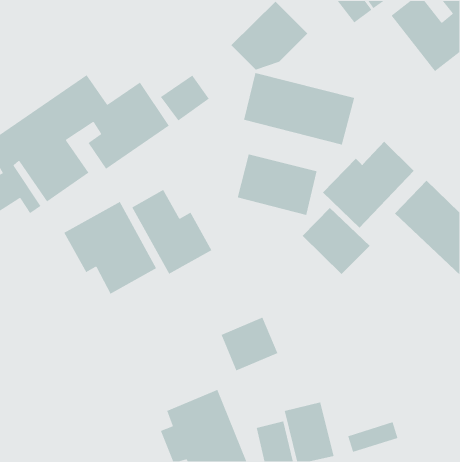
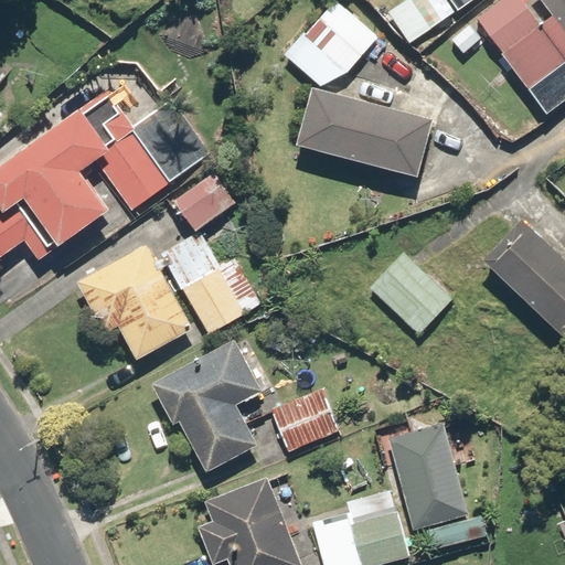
building: [160,74,210,121] -> [173,173,234,231]
building: [322,141,415,228] -> none
building: [237,154,317,216] -> none
building: none -> [150,339,264,473]
building: none -> [373,416,469,531]

